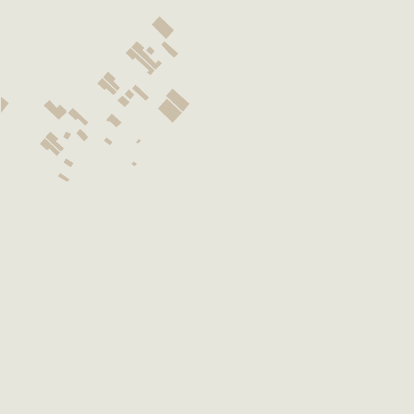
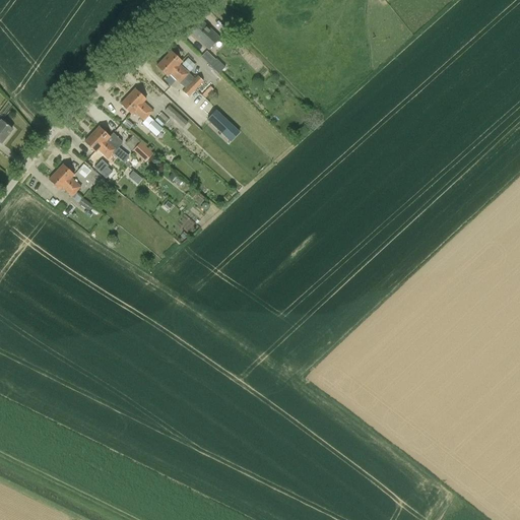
building: [157,98,183,123] -> none
building: [43,99,67,121] -> [91,126,122,153]

